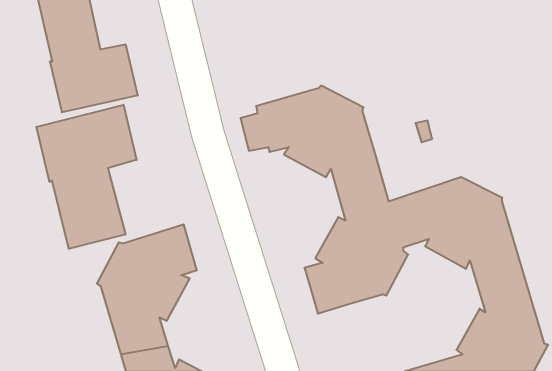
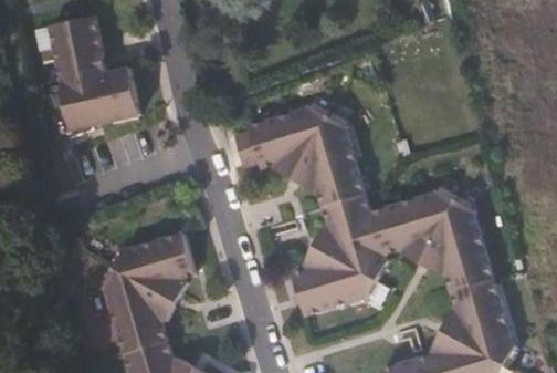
building: [36,105,137,249] -> none

